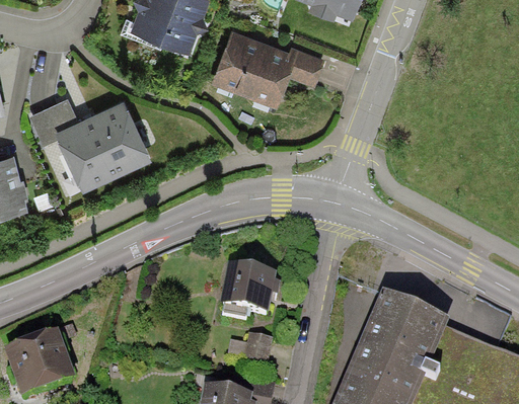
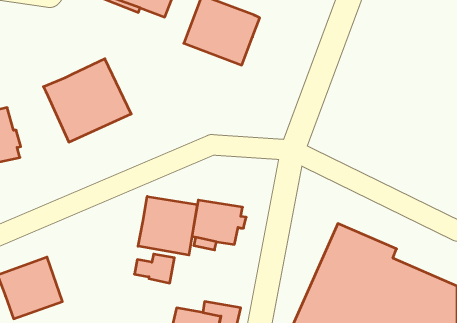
building: [288,48,325,88] -> none
building: [29,99,78,147] -> none
building: none -> [138,196,197,255]
building: [227,332,272,365] -> [134,254,174,283]

